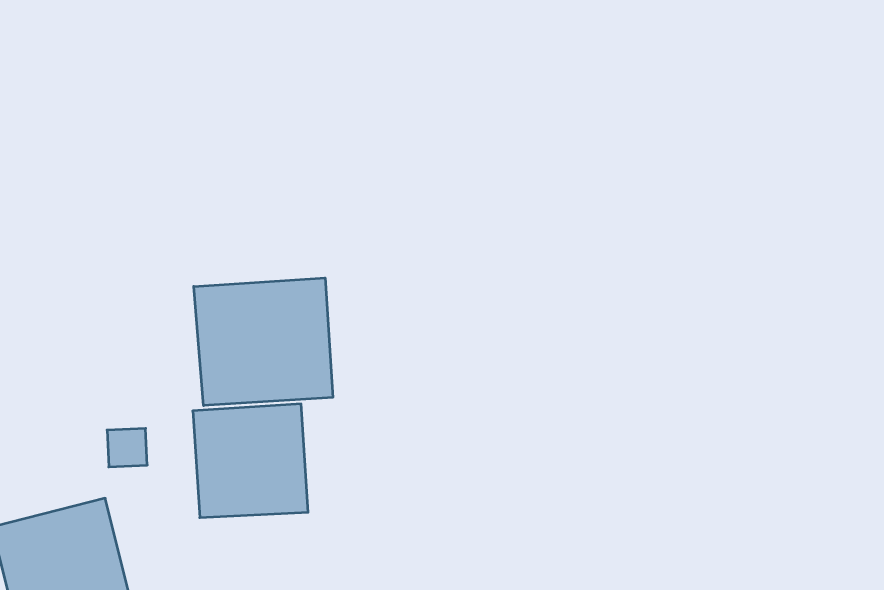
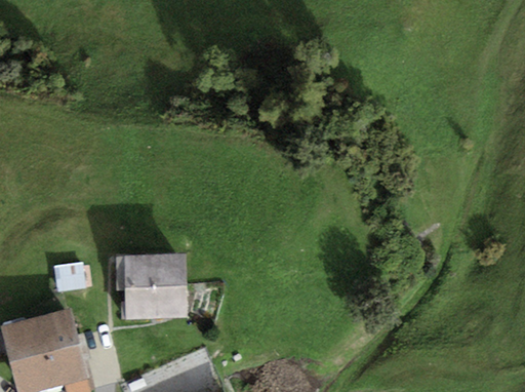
building: [194,278,333,406] -> none

